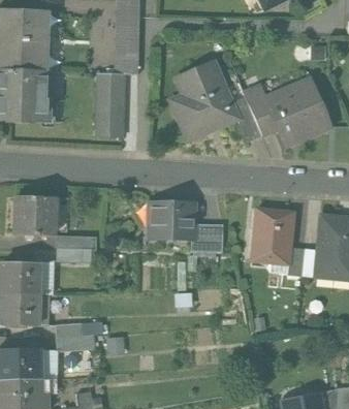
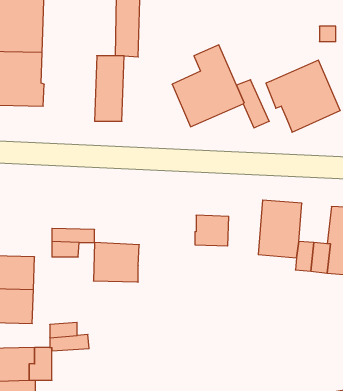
building: [243,84,279,138] -> none
building: [15,195,54,235] -> none
building: [151,201,194,239] -> [93,243,139,282]

